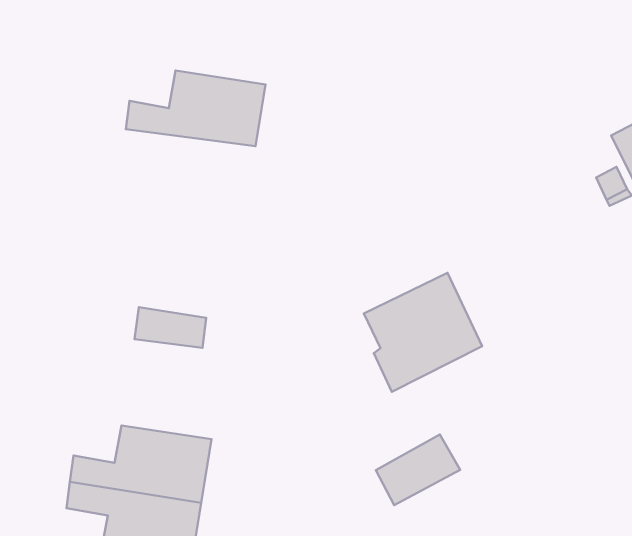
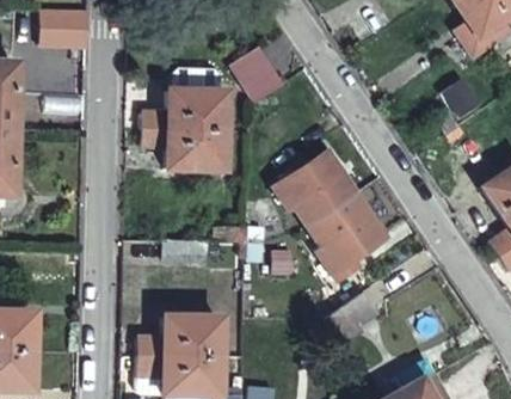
building: none -> [233,45,282,99]
building: none -> [141,130,224,167]
building: none -> [273,152,355,226]

